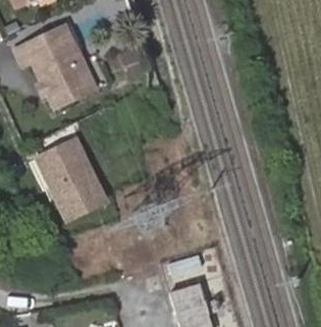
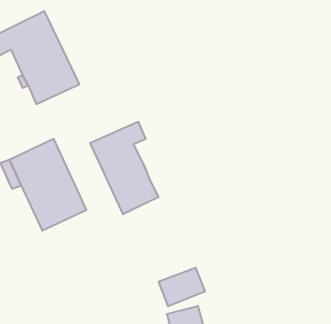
building: none -> [90,122,158,214]

